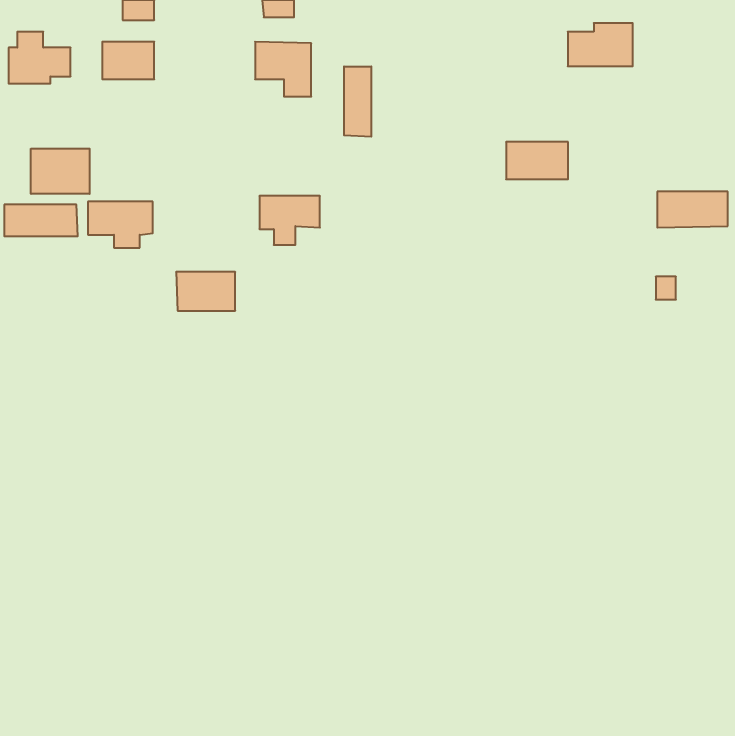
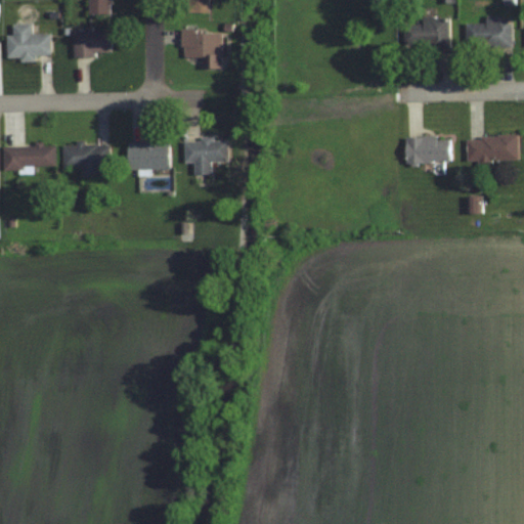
building: none -> [467,16,512,47]
building: [344,66,371,137] -> none
building: [506,142,568,179] -> [406,136,450,163]
building: [31,149,90,194] -> none
building: [176,272,235,311] -> [128,142,170,170]

